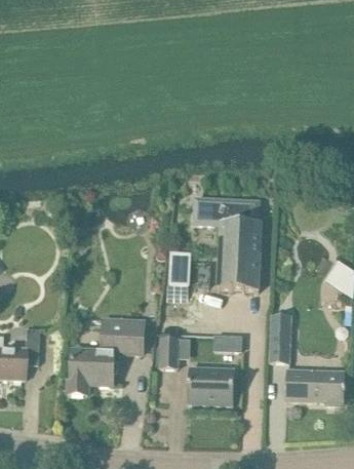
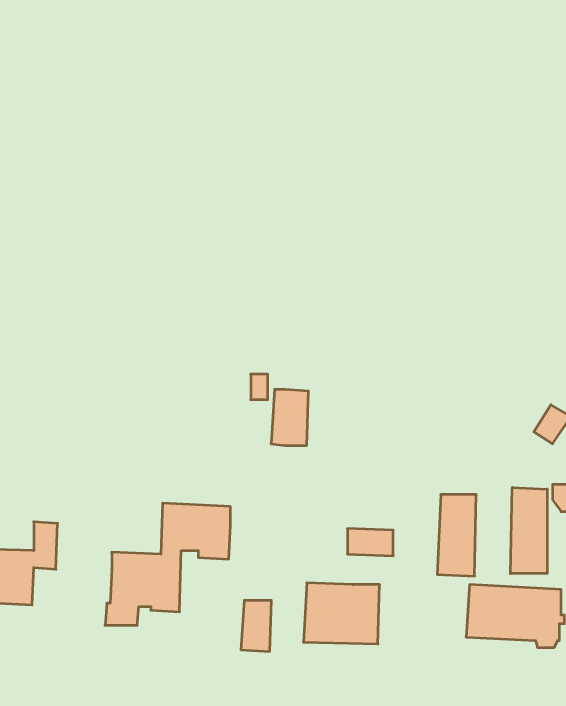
building: [194,198,262,290] -> none
building: none -> [510,487,547,574]
building: [160,338,179,368] -> [241,600,271,651]

